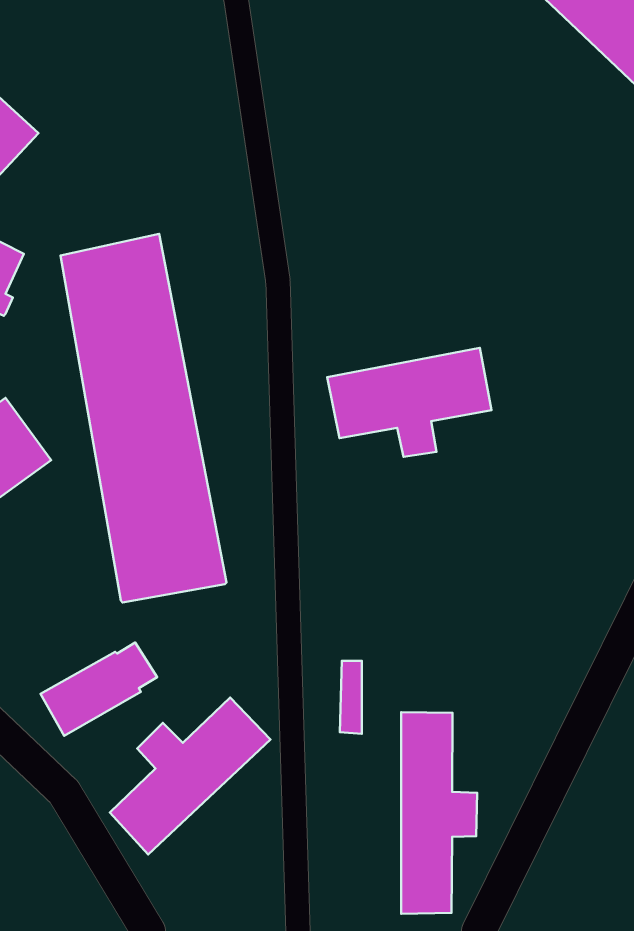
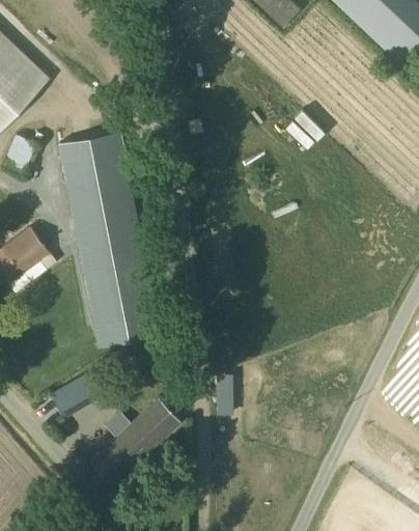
building: [327,348,491,457] -> none
building: [401,712,477,914] -> none

